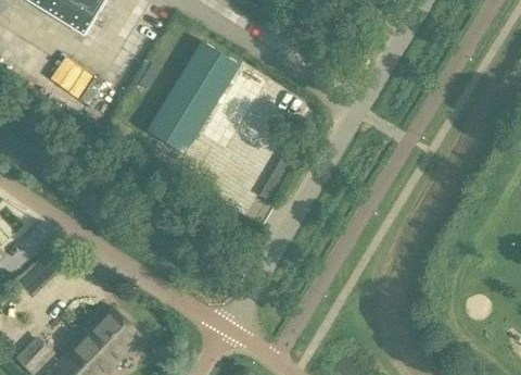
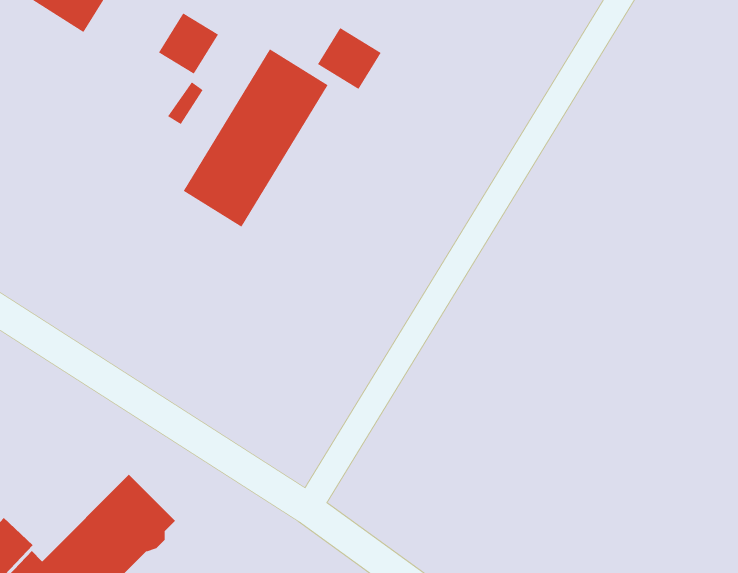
building: none -> [158,12,219,74]
building: none -> [317,27,381,90]

